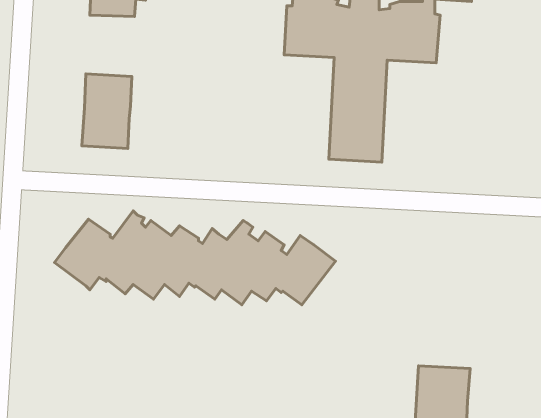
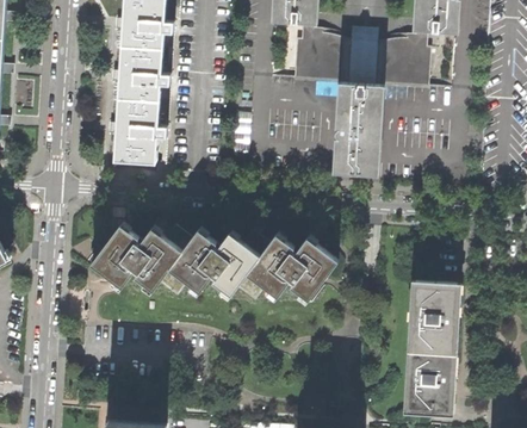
building: none -> [118,48,161,101]
building: none -> [410,284,460,358]

